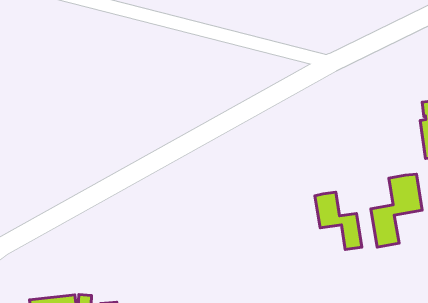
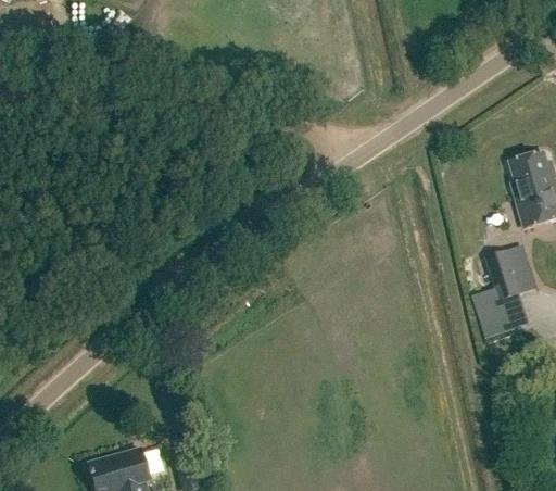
building: [315,192,362,249] -> none

